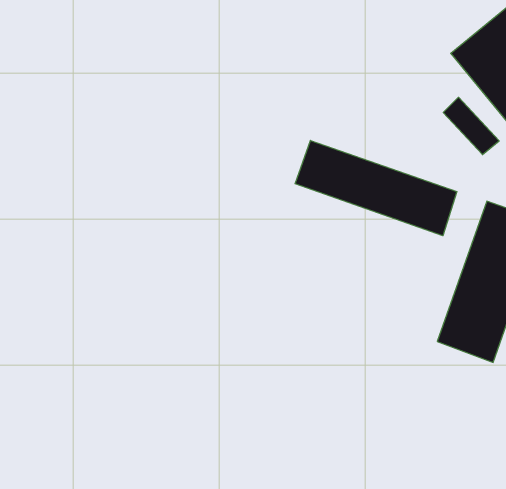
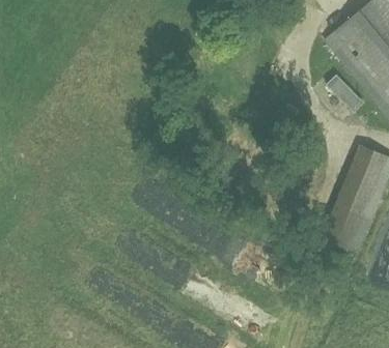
building: [295,140,457,236] -> none

